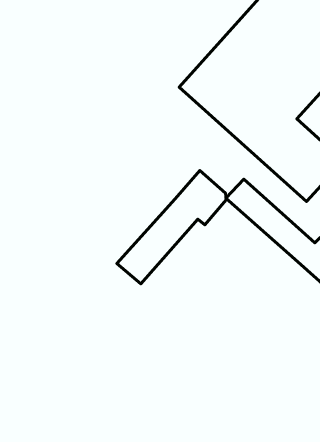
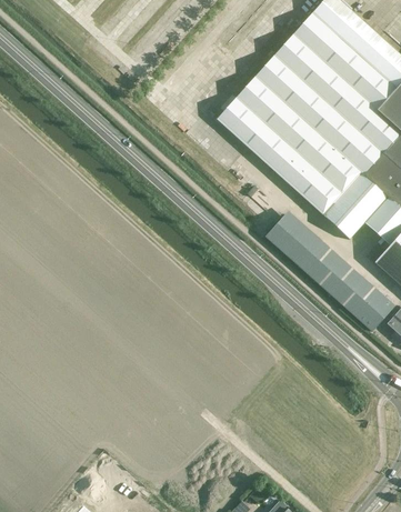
building: [117,171,226,284] -> none

